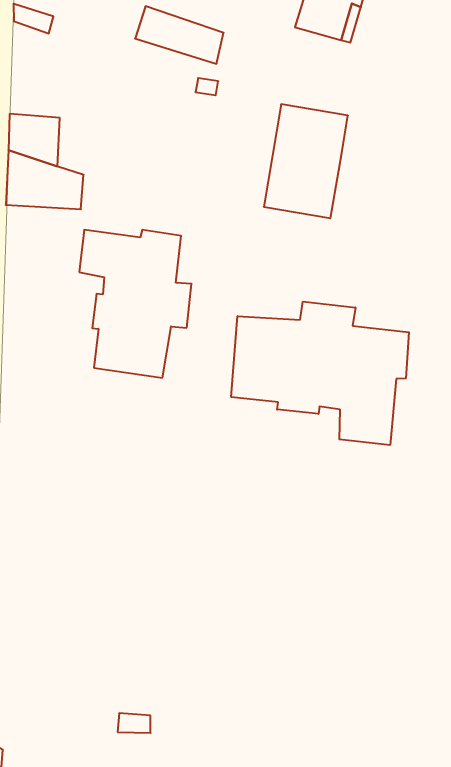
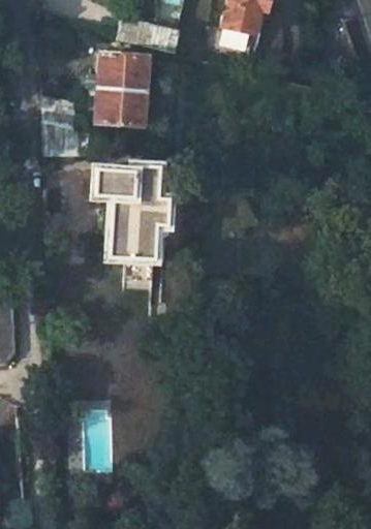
building: [264,104,348,218] -> [95,54,146,126]
building: [231,302,409,445] -> none

